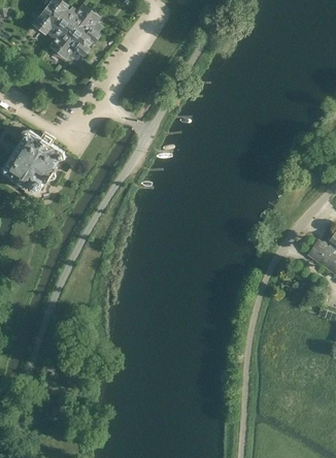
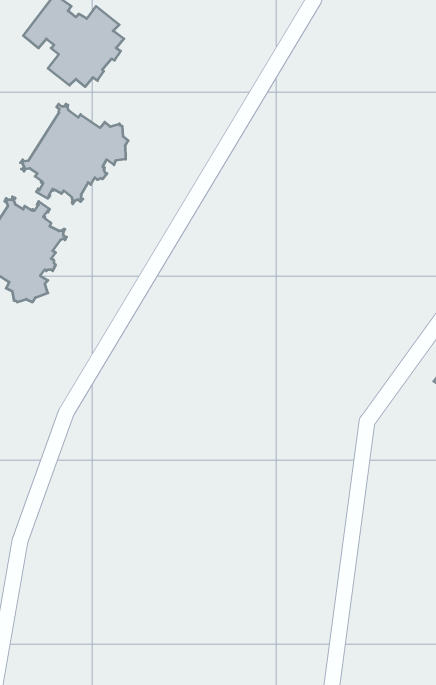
building: none -> [20,104,128,204]

